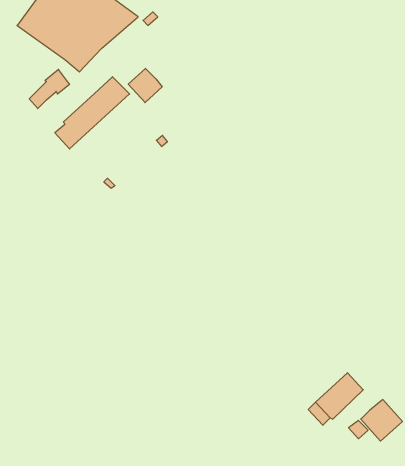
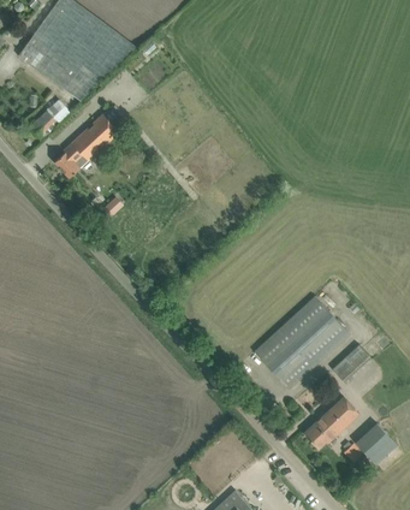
building: [128,68,162,103] -> none
building: none -> [254,296,349,389]
building: none -> [329,345,368,384]

